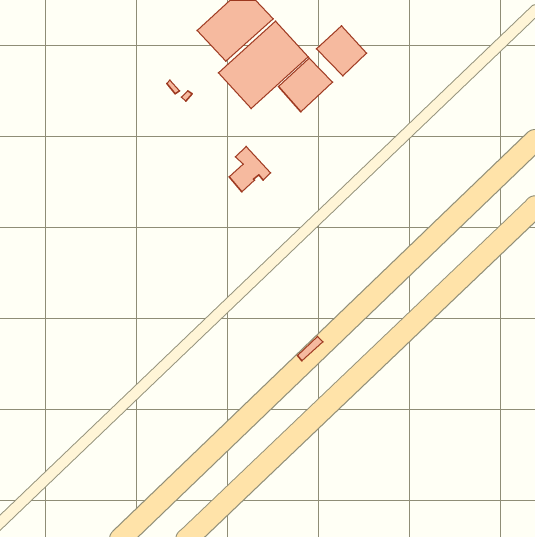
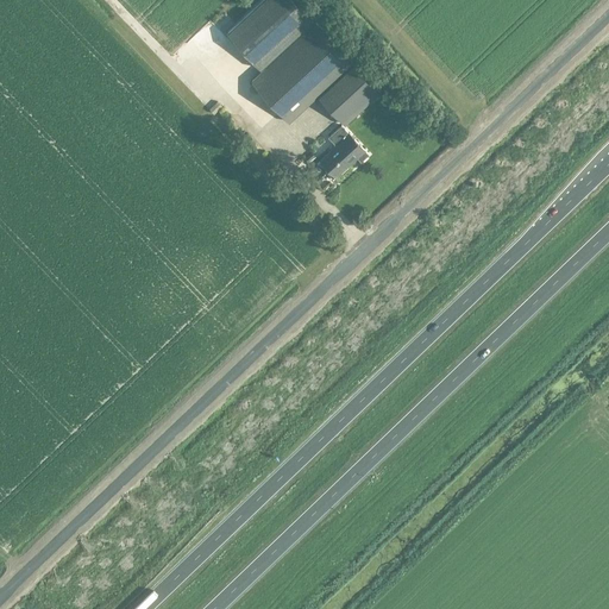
building: [316,26,367,76] -> none
building: [229,146,270,192] -> [318,127,364,178]

